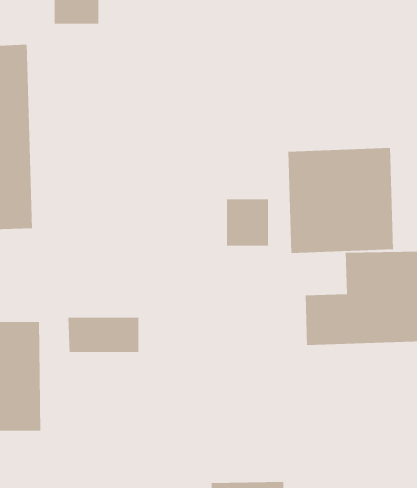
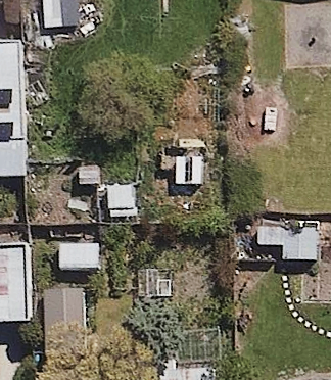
building: [287,147,394,254] -> none

